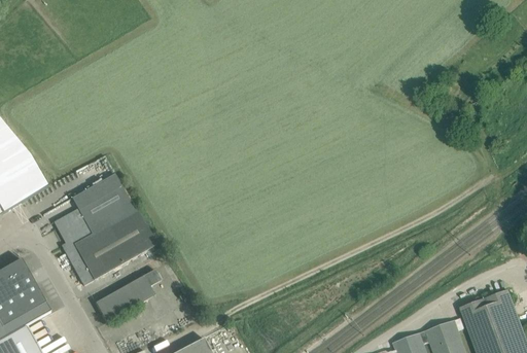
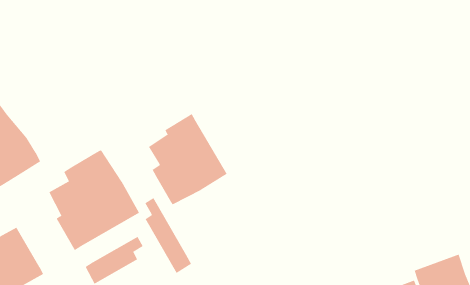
building: none -> [148,113,227,205]
building: none -> [144,197,192,274]

